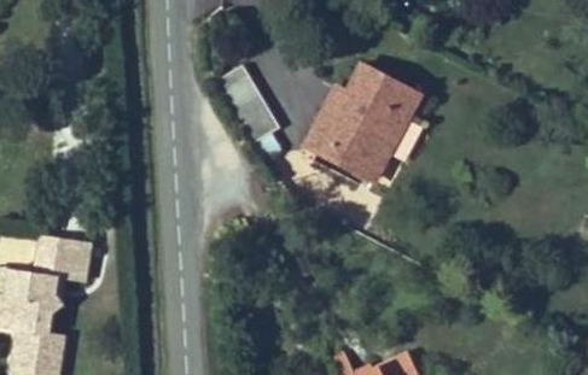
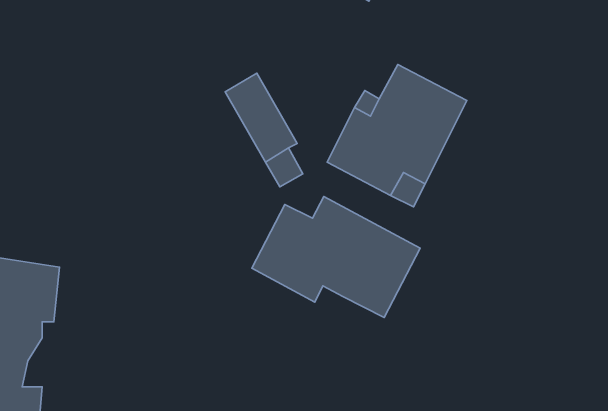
building: none -> [252,196,420,317]

